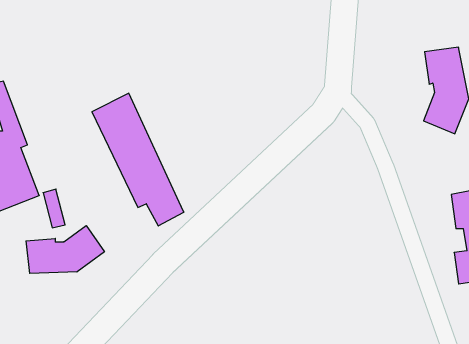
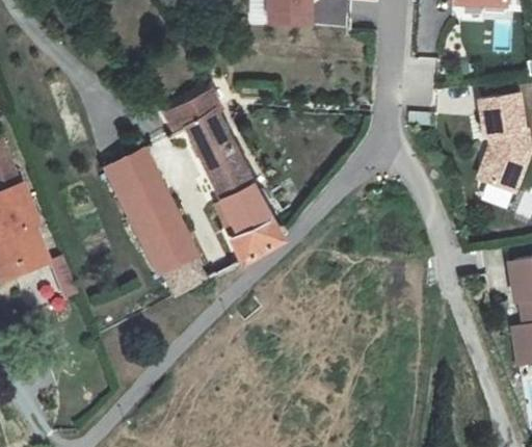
building: none -> [167,99,282,261]
building: [26,226,104,273] -> none

